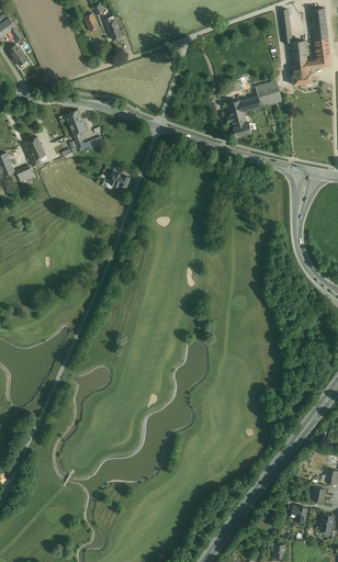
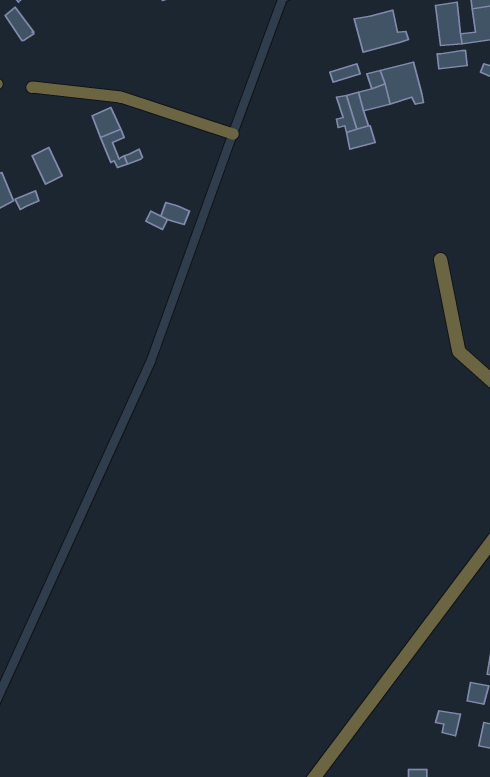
building: none -> [354,10,409,52]

